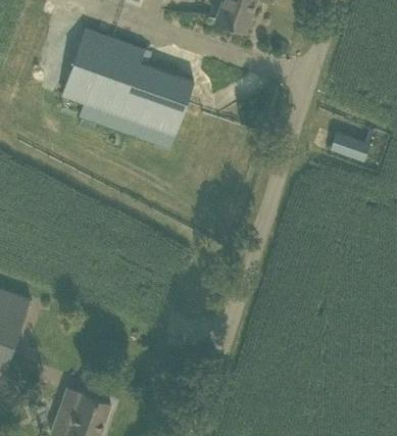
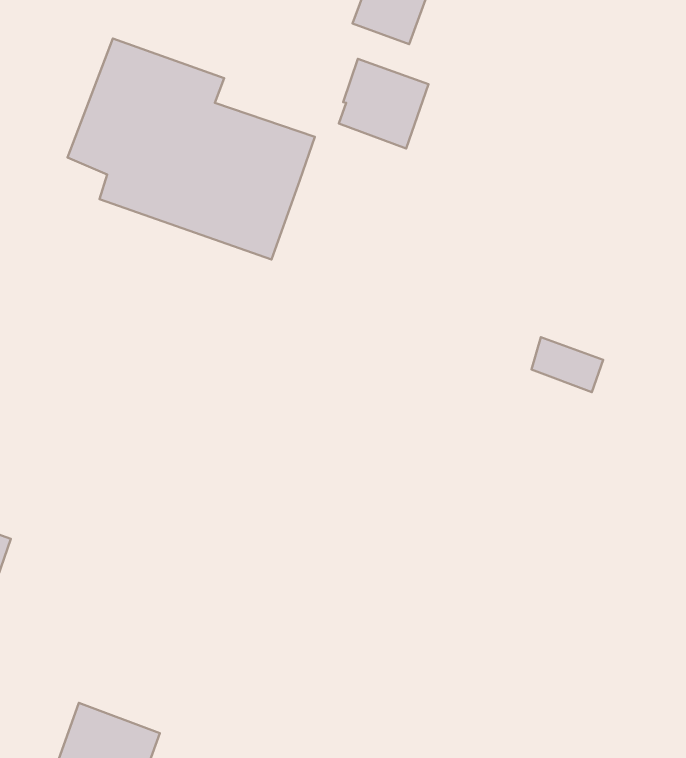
building: none -> [339,59,429,148]
building: [331,132,369,161] -> [531,337,603,392]

